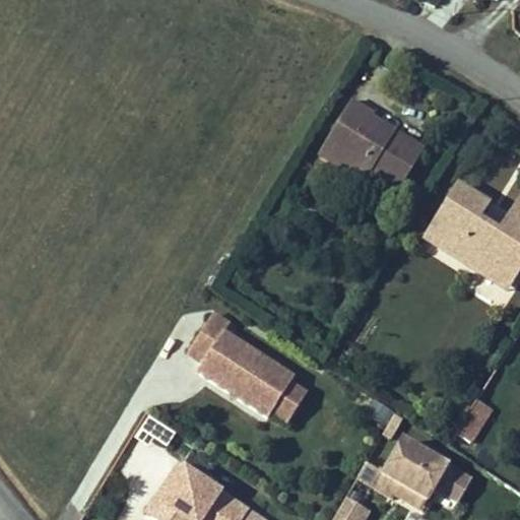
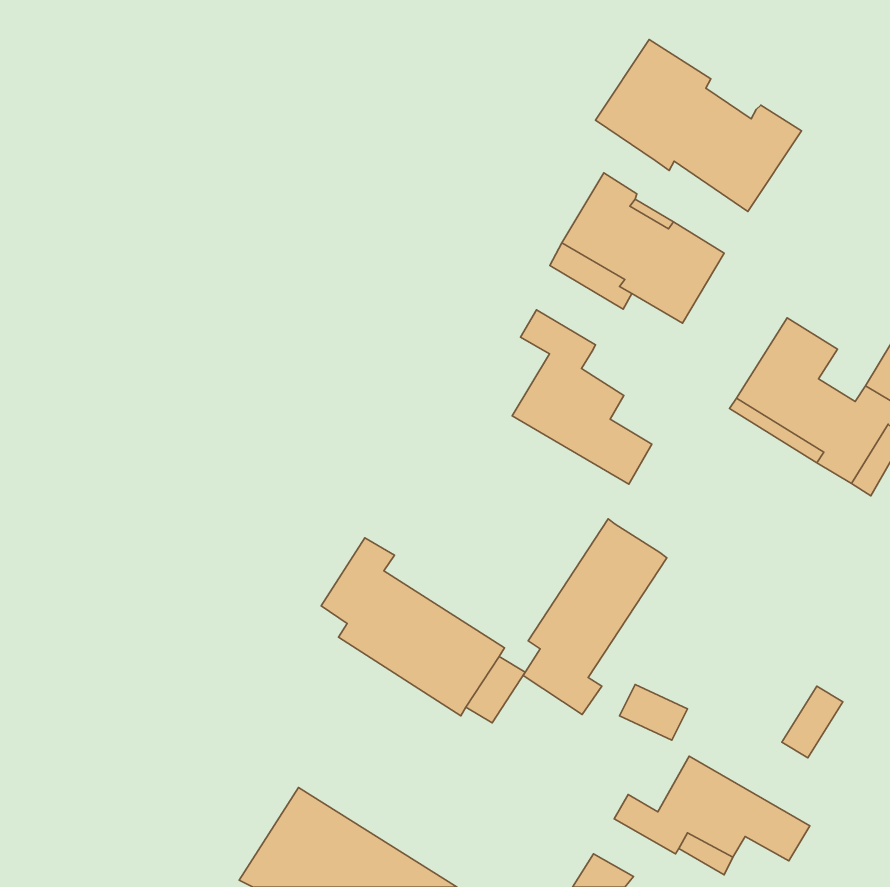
building: none -> [595,39,802,211]
building: none -> [512,310,652,484]
building: none -> [523,519,667,714]

